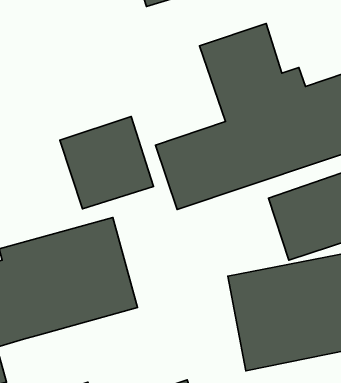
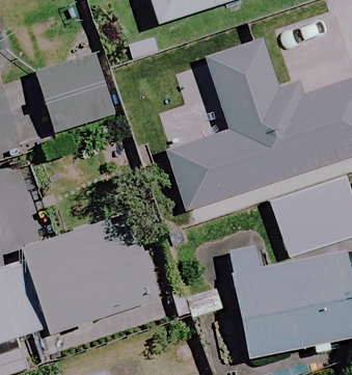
building: [60,116,154,209] -> [33,49,119,134]

